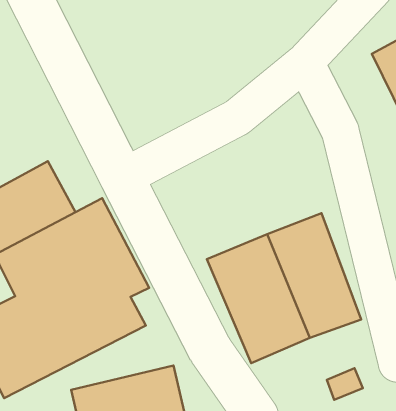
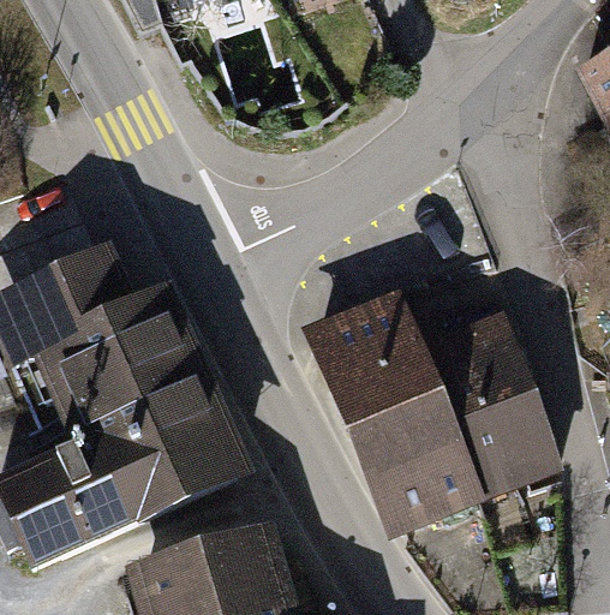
building: none -> [306,293,413,378]

